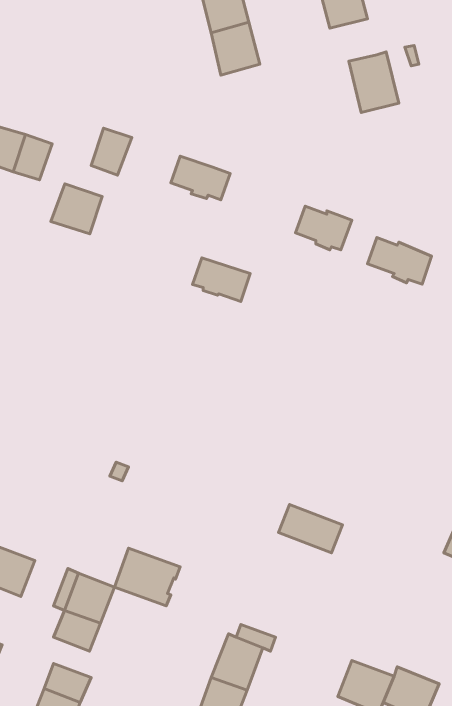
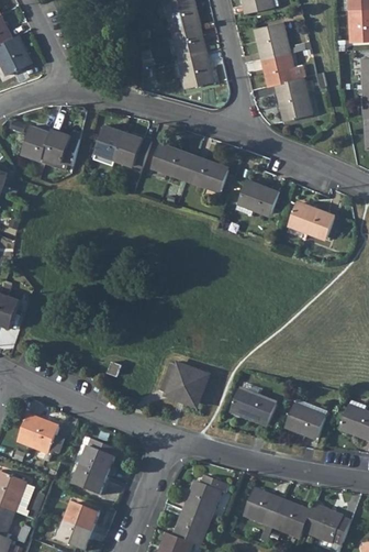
building: none -> [265,48,298,79]
building: [51,184,102,234] -> [115,132,152,167]
building: [192,258,250,302] -> [188,157,228,188]
building: none -> [290,405,328,435]
building: [115,548,180,606] -> [161,361,208,401]
building: none -> [242,489,280,526]

